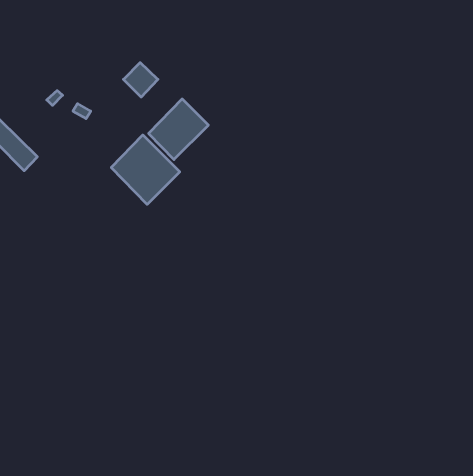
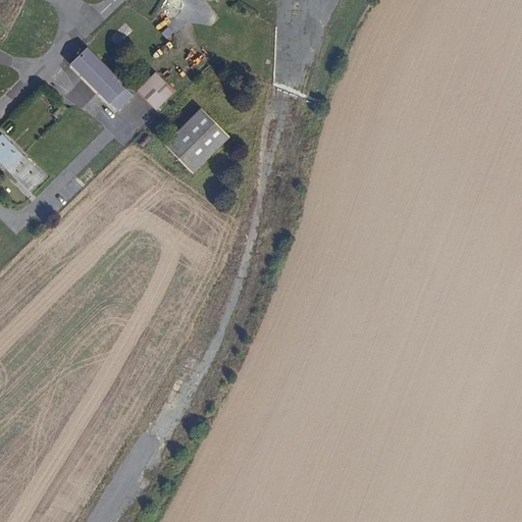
building: none -> [69,47,130,107]
building: [111,135,180,204] -> none

